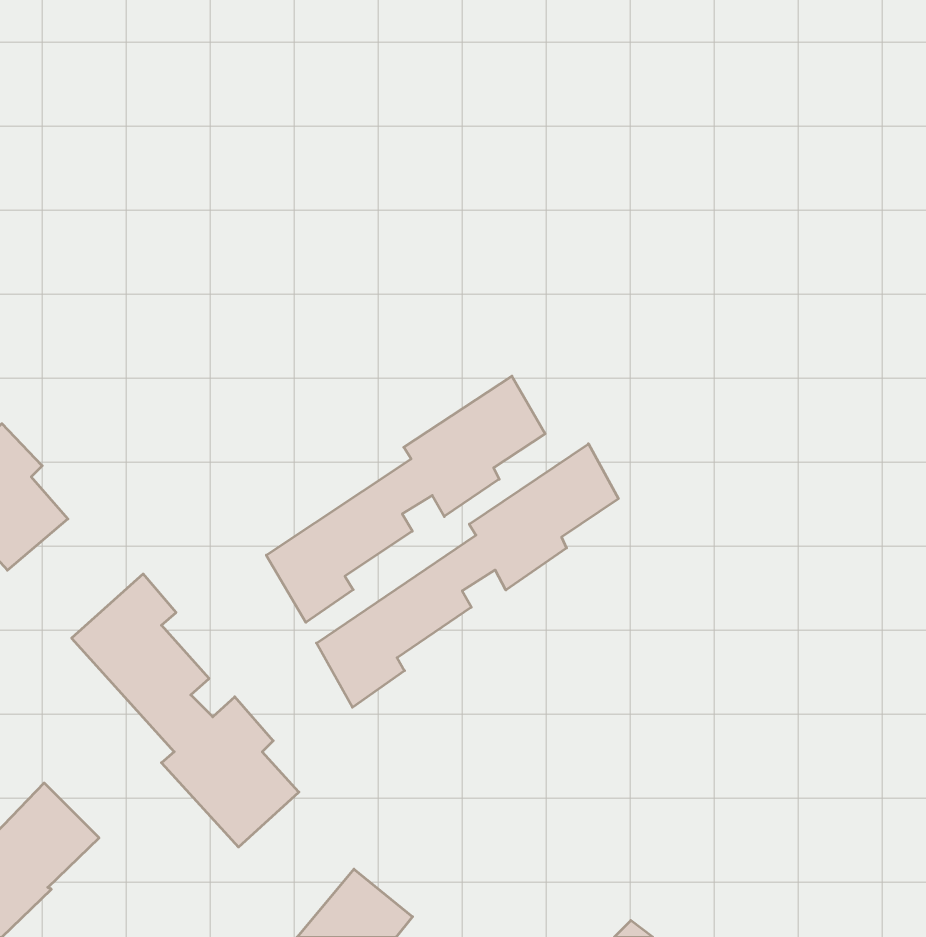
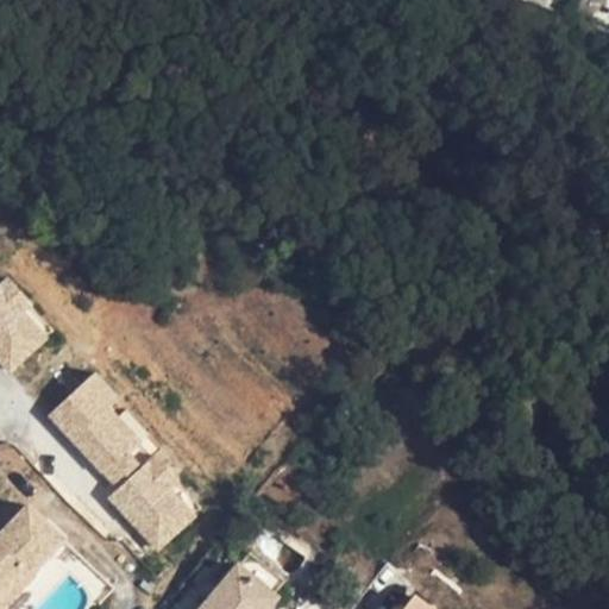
building: [266,376,545,622] -> none
building: [316,444,618,707] -> none

